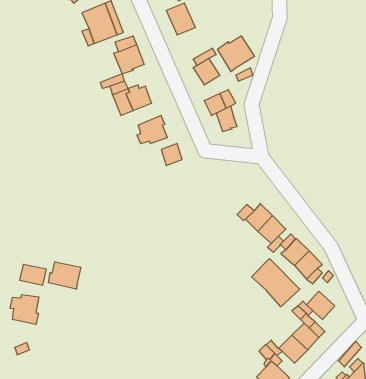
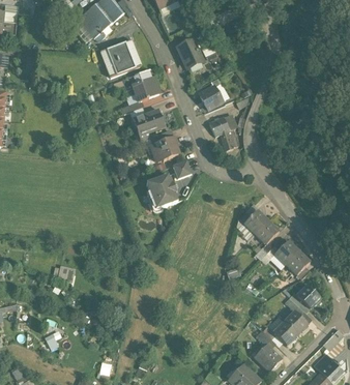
building: [218,36,255,72] -> none
building: none -> [146,174,177,208]
building: [252,259,300,307] -> none
building: [49,262,81,289] -> none
building: [10,295,39,325] -> none

